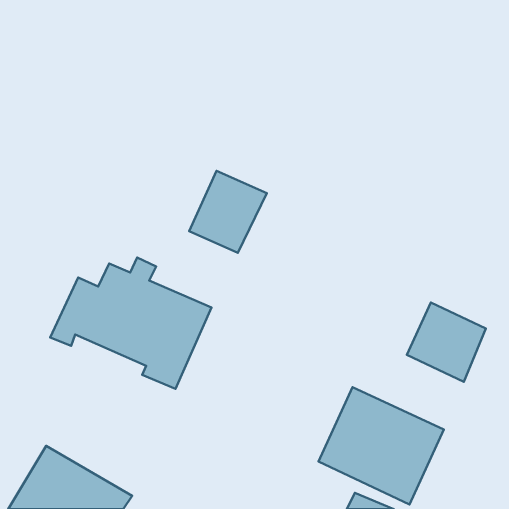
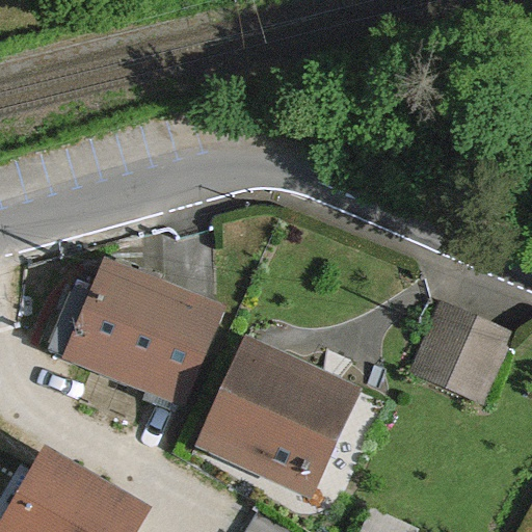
building: [189,171,267,253] -> none
building: [318,387,444,504] -> [217,358,347,480]

